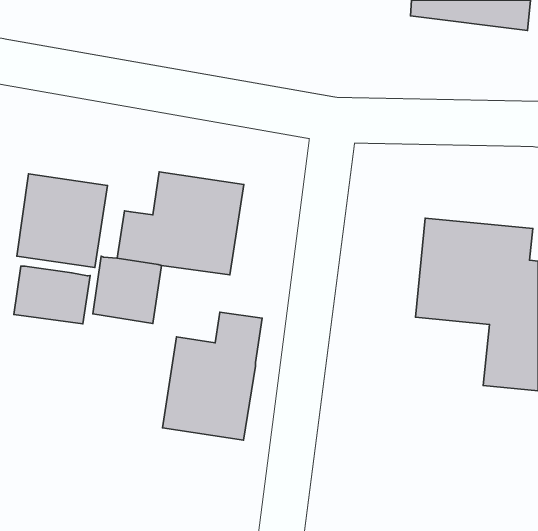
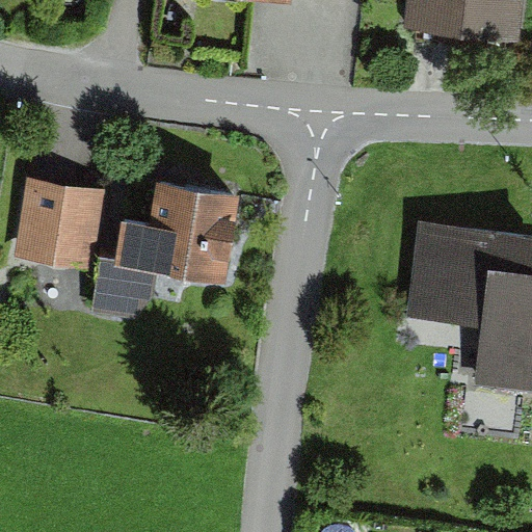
building: [14,266,90,324] -> none
building: [163,312,262,440] -> none

